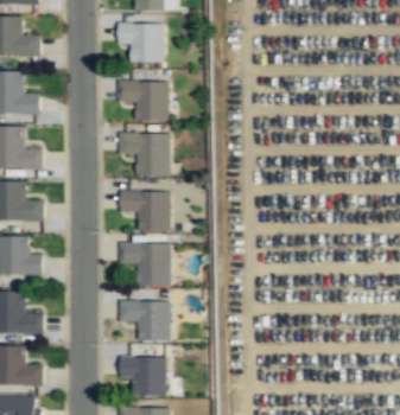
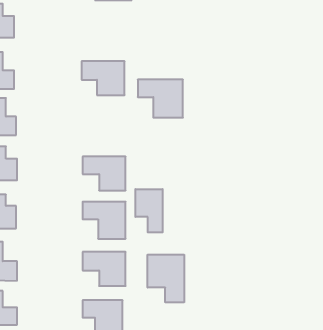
building: [118,24,163,63] -> none
building: [118,134,170,178] -> [138,80,183,118]
building: none -> [135,189,163,232]
building: none -> [148,255,184,302]

